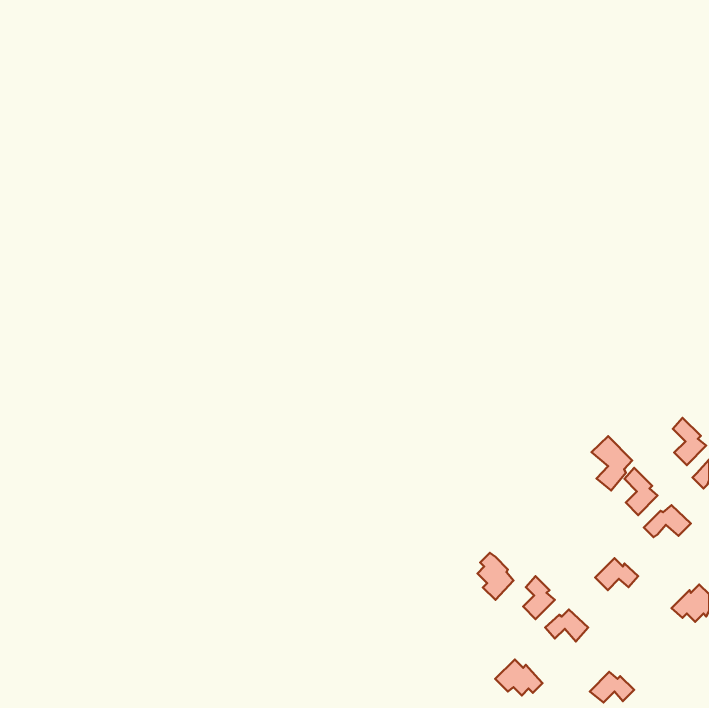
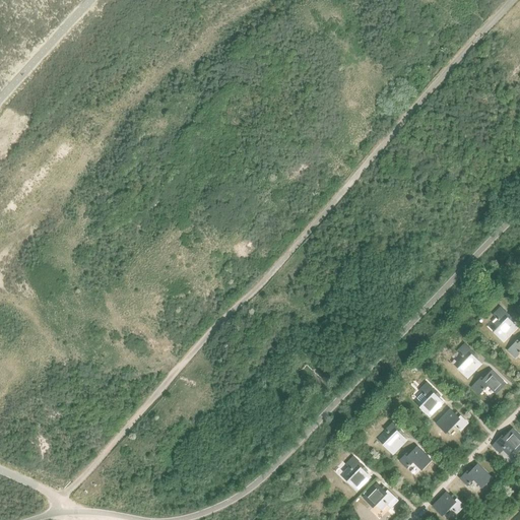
building: [591,436,632,491] -> none
building: none -> [416,382,443,415]
building: [477,553,513,600] -> [343,456,370,491]
building: none -> [460,463,492,486]

